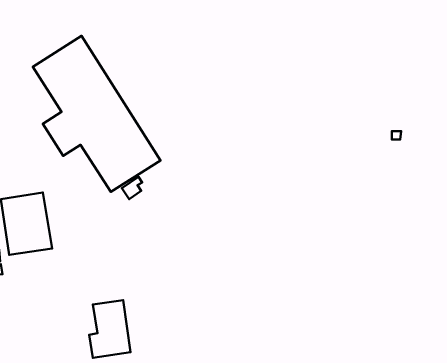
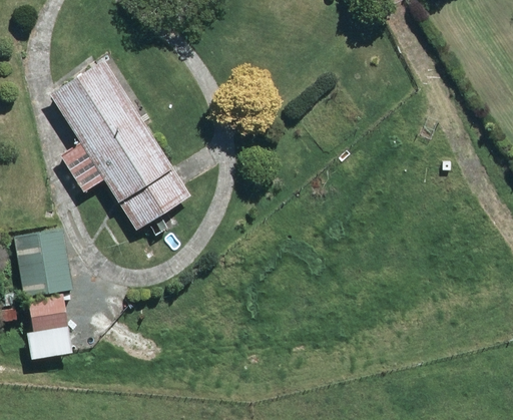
building: [89,300,130,358] -> [25,295,70,358]

